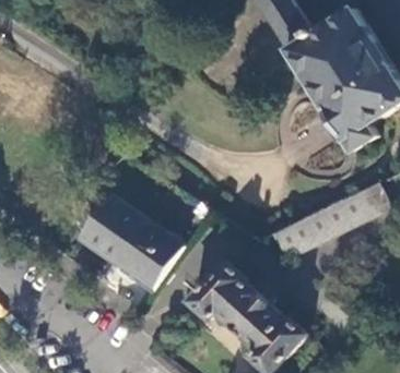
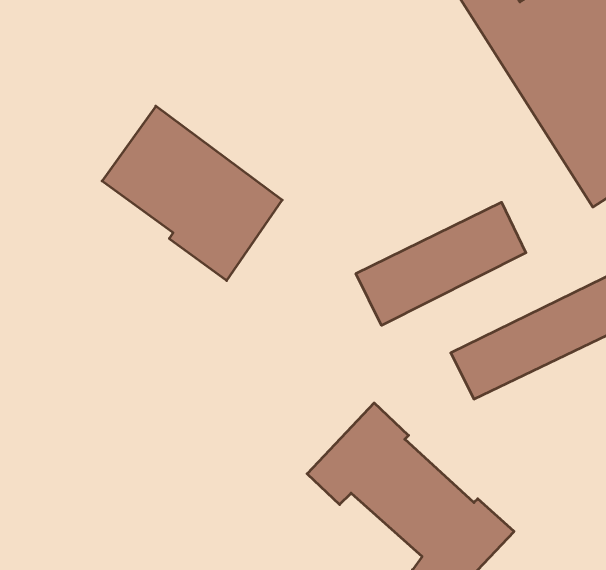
building: none -> [356,202,526,325]
building: [79,195,181,294] -> [102,106,282,281]

